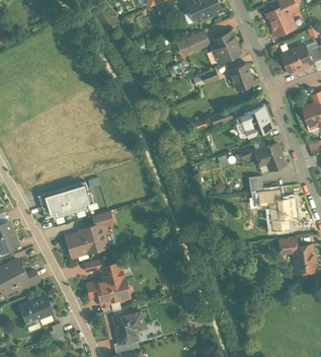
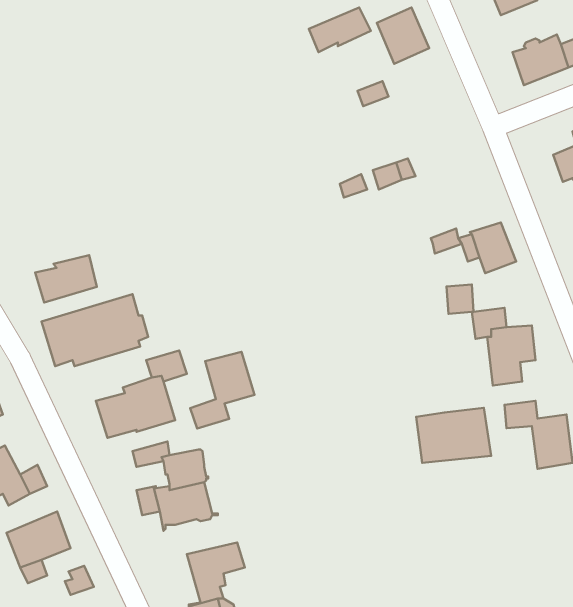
building: [228,63,253,90] -> none
building: [236,108,270,137] -> none
building: none -> [35,255,97,303]
building: none -> [190,352,254,428]
building: none -> [416,408,491,463]

